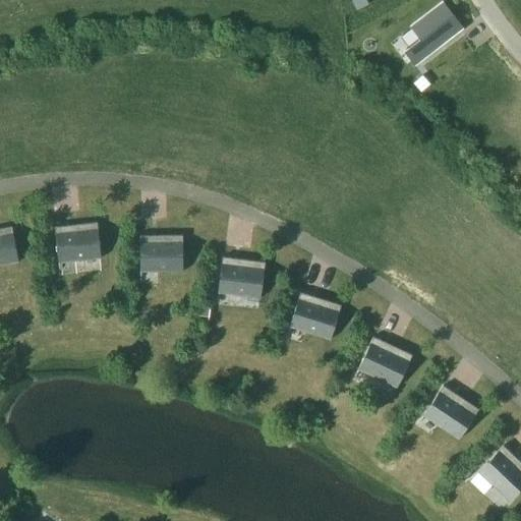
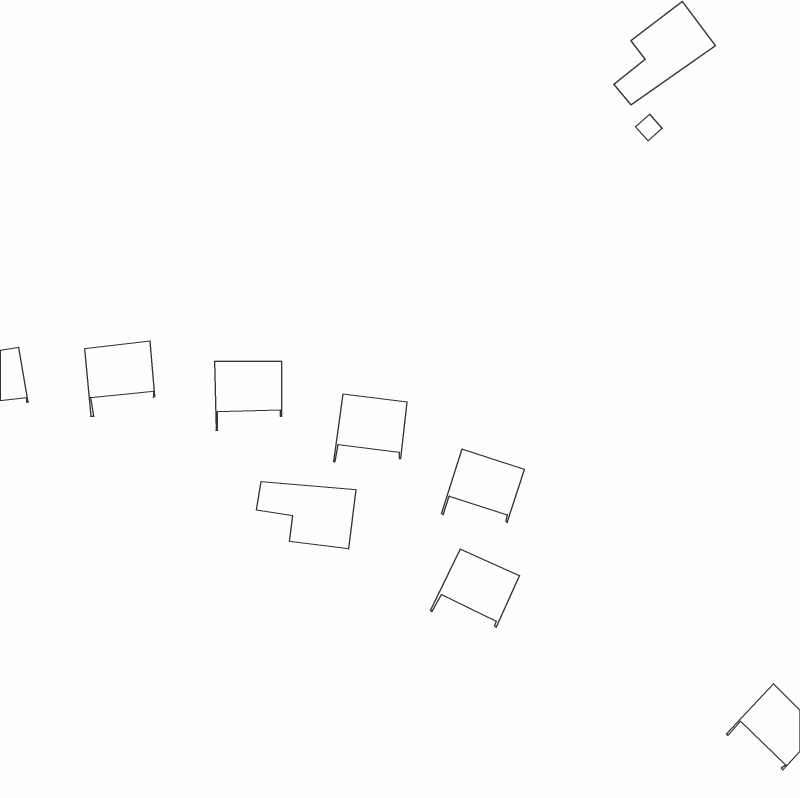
building: none -> [256,482,356,549]
building: [354,338,412,389] -> [430,549,520,627]
building: [418,387,478,441] -> none

